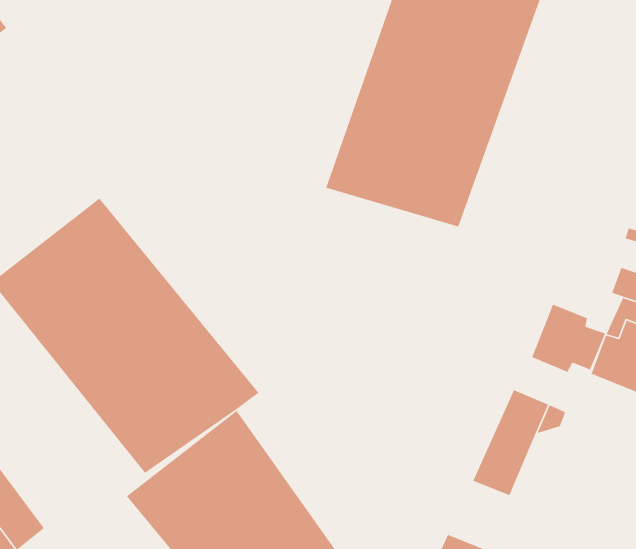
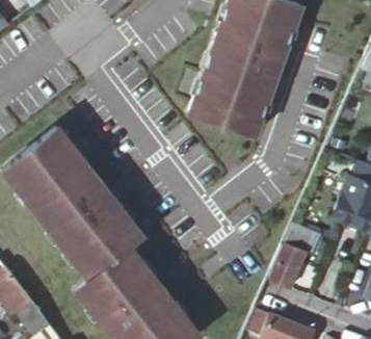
building: [531,304,606,373] -> none

